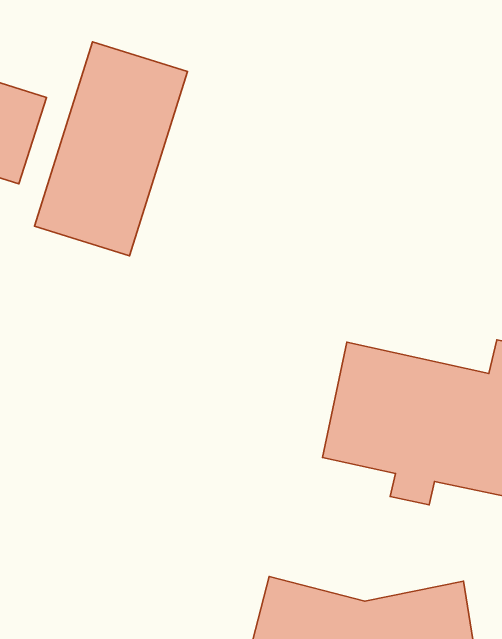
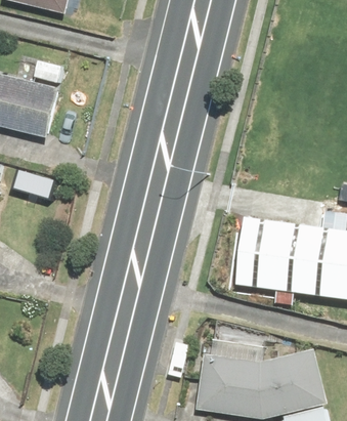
building: [35,42,188,256] -> none

